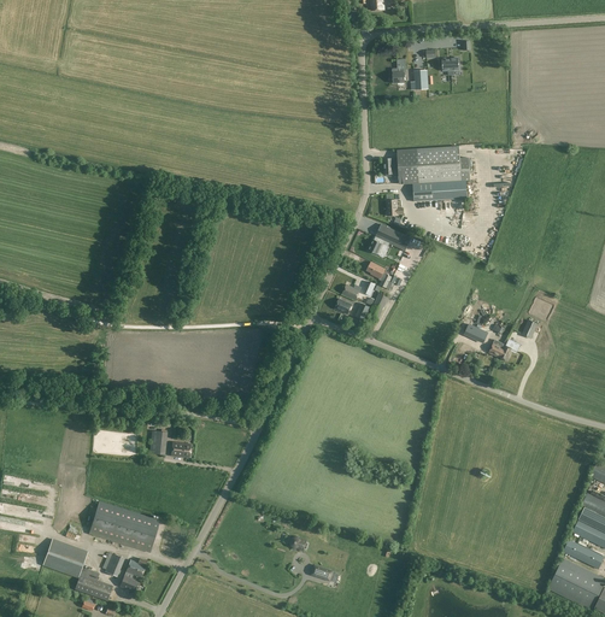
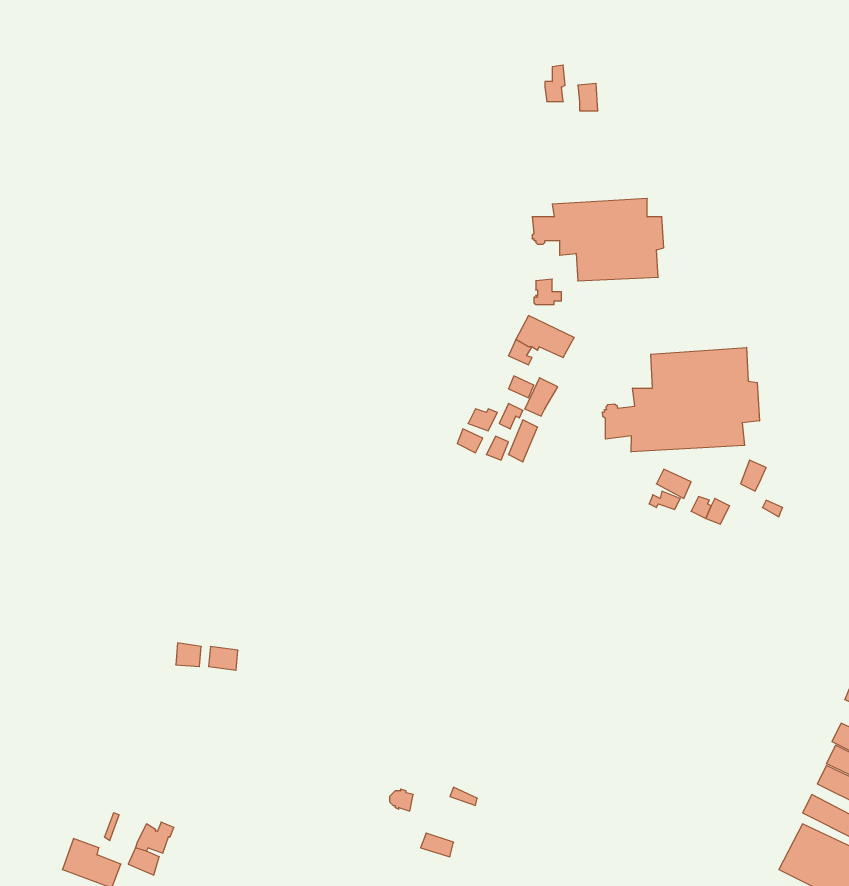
building: none -> [602,347,759,452]
building: [88,501,158,552] -> none
building: [42,539,88,577] -> none

